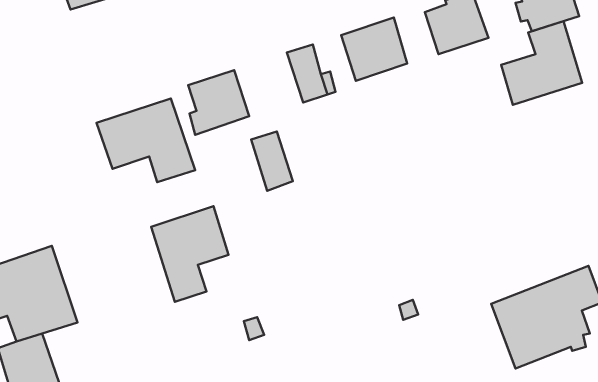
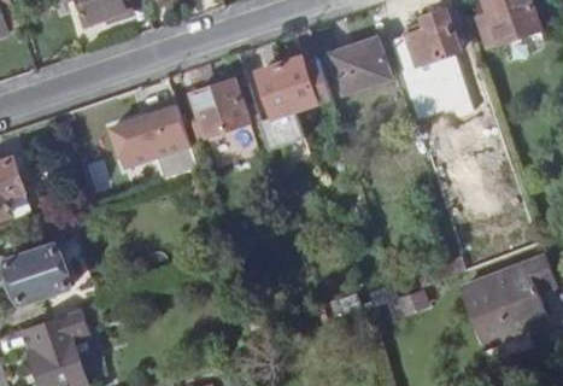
building: [501,21,582,105] -> none
building: [251,131,293,191] -> [257,64,294,117]
building: [151,206,228,302] -> none

